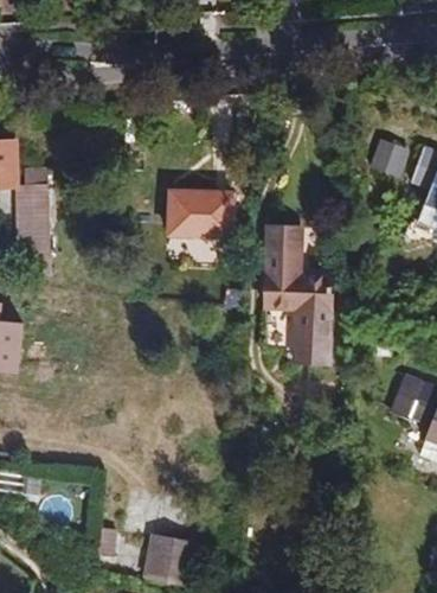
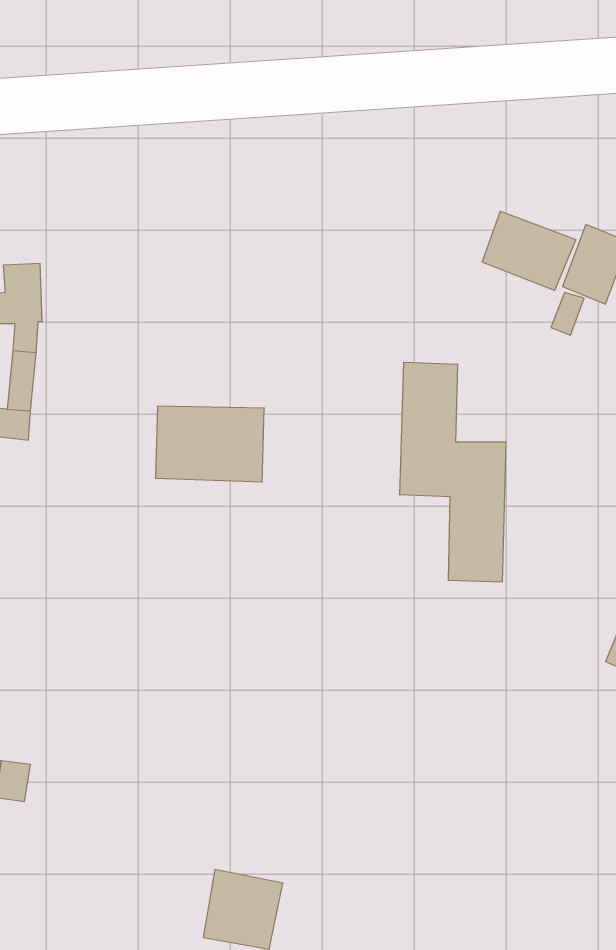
building: none -> [482,211,576,291]
building: [167,190,233,236] -> [155,406,264,482]

